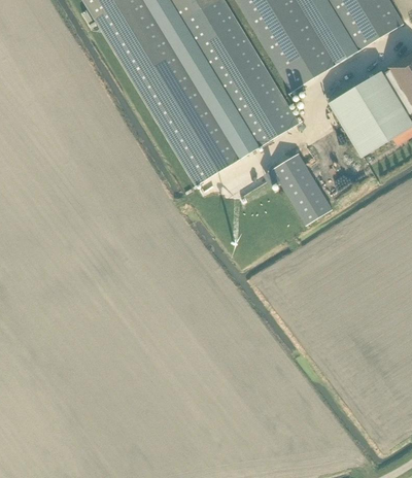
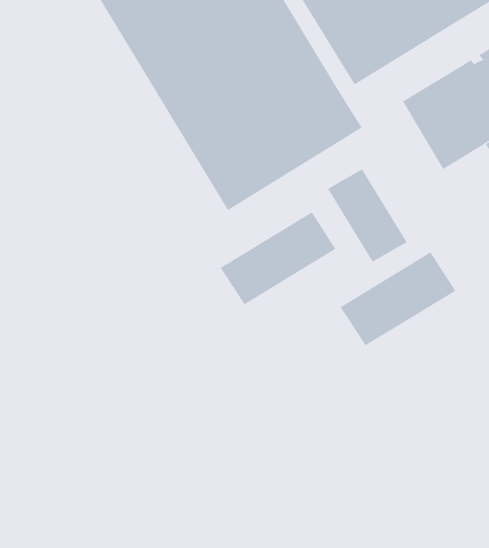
building: none -> [220,212,336,305]
building: none -> [340,251,456,346]

